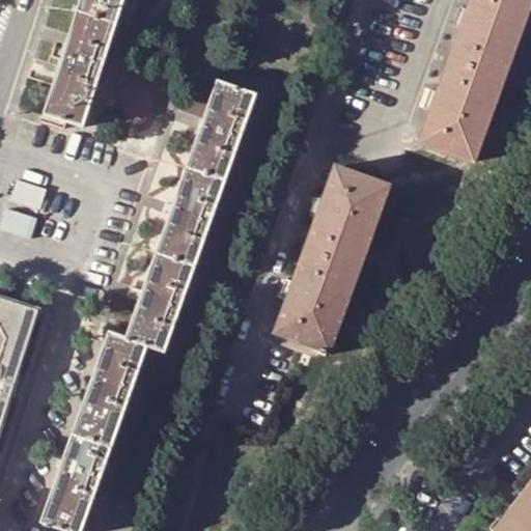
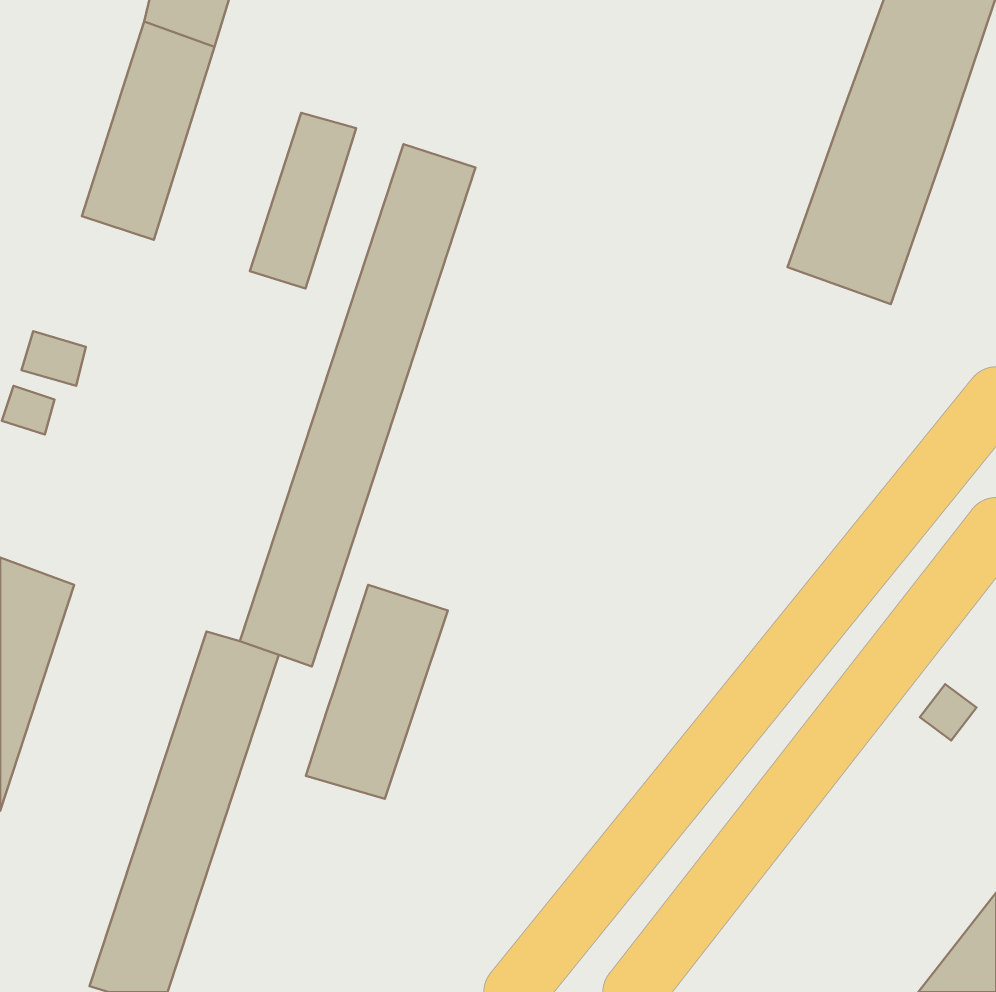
building: none -> [250,113,356,288]
building: [275,166,387,352] -> none
building: none -> [306,585,448,799]

